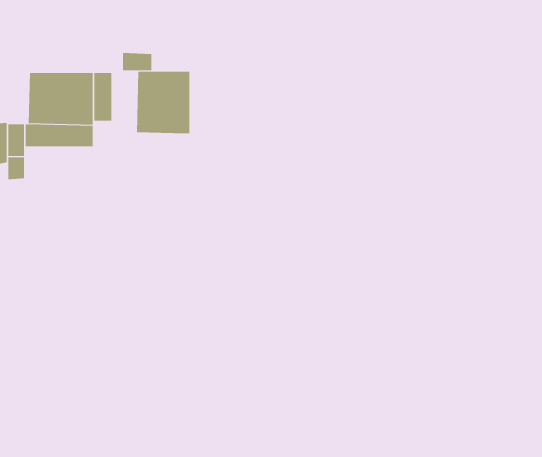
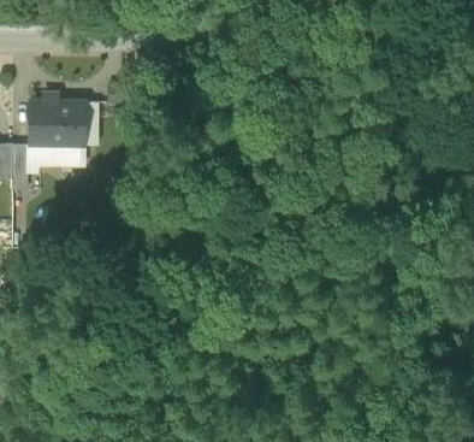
building: [136,71,190,134] -> none

